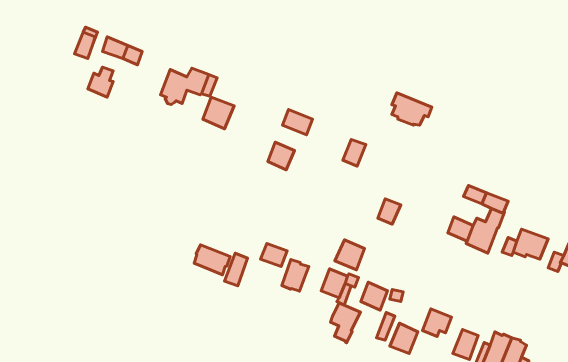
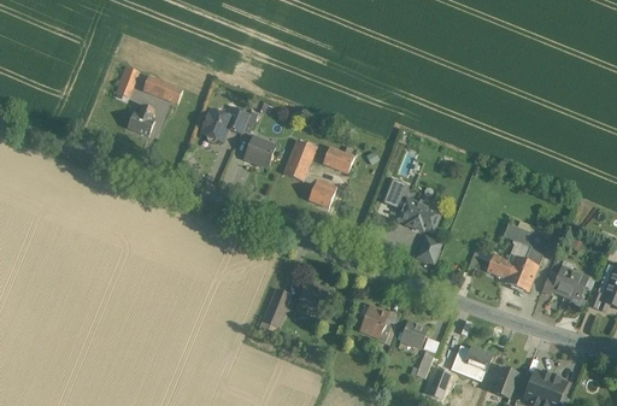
building: [392,93,432,125] -> [400,198,440,230]
building: none -> [282,139,313,180]
building: [335,240,365,270] -> none
building: [194,245,230,275] -> none
building: [282,259,309,291] -> none
building: [330,303,361,343] -> none

